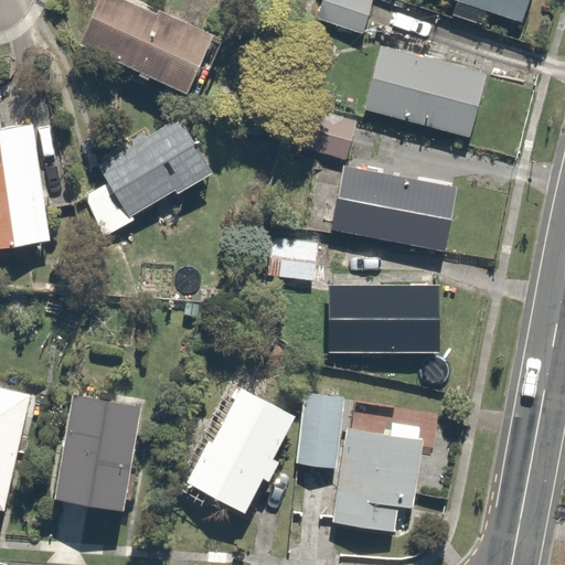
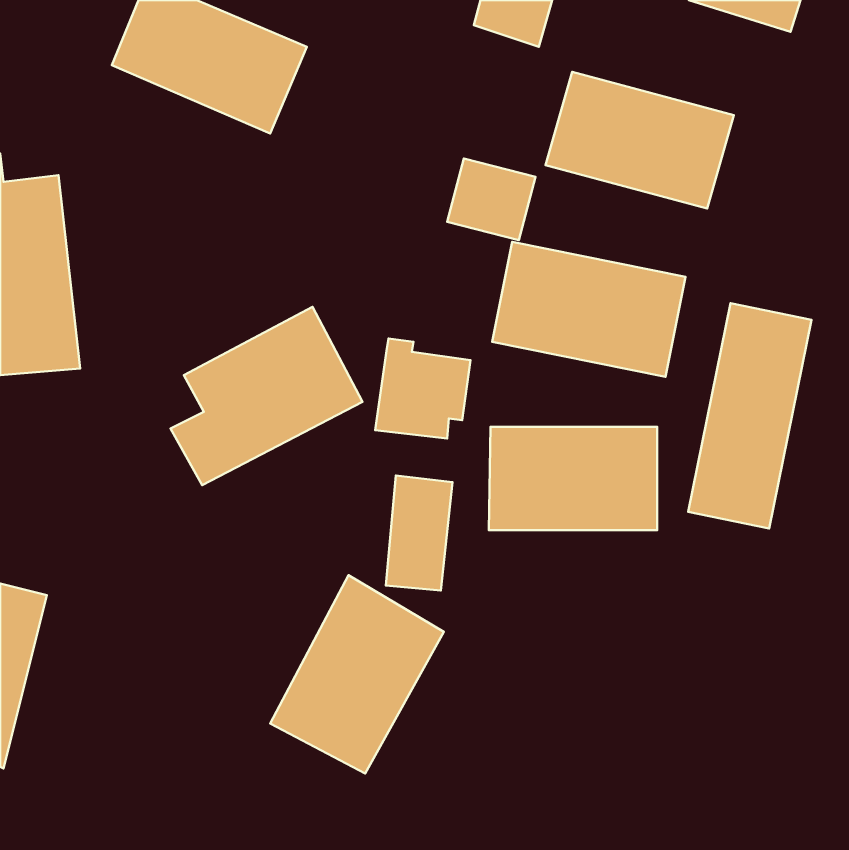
building: [86,115,213,233] -> [171,307,362,485]
building: none -> [688,303,811,528]
building: [296,391,340,467] -> [386,476,452,591]
building: [50,393,152,518] -> none
building: [331,429,425,534] -> none

